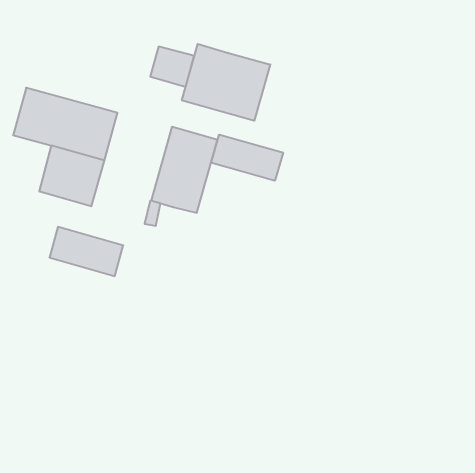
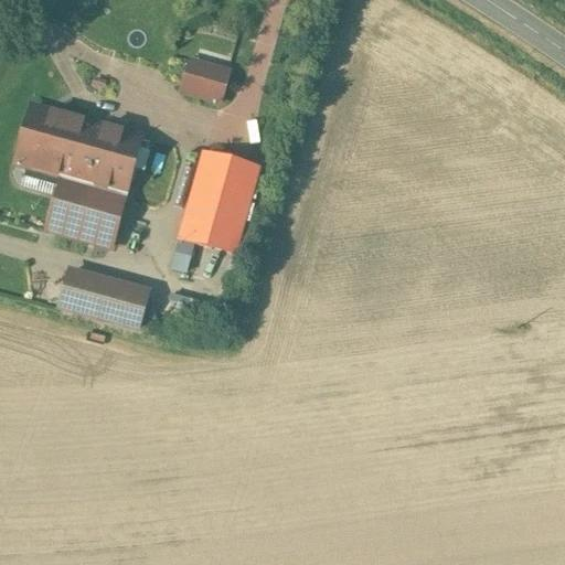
building: [182,44,270,121] -> none
building: [211,135,283,181] -> none

